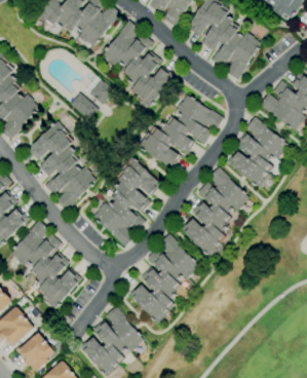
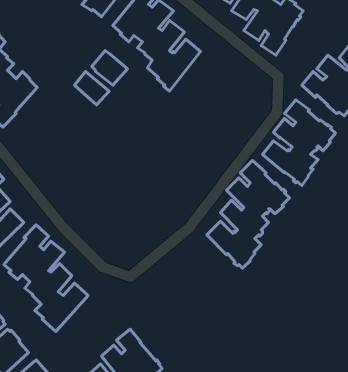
building: [136,94,223,168] -> none
building: [28,120,95,211] -> none
building: [93,155,159,247] -> none
building: [128,233,197,323] -> none

